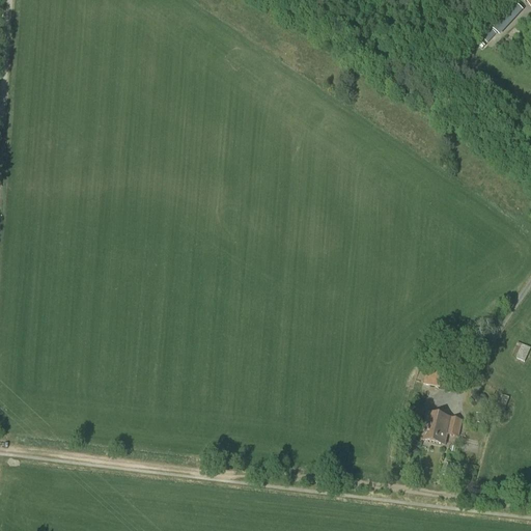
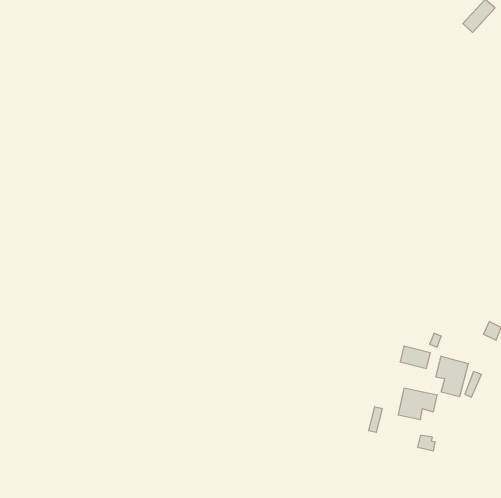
building: none -> [436,356,468,397]

